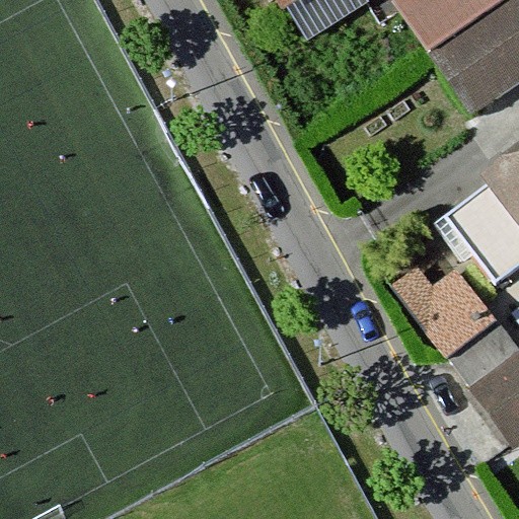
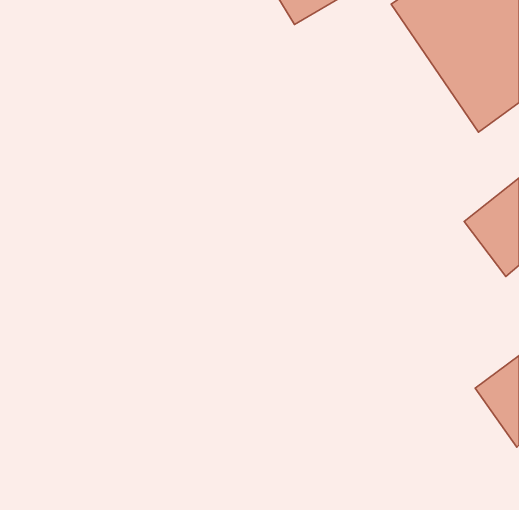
building: [384,252,502,365] -> none

